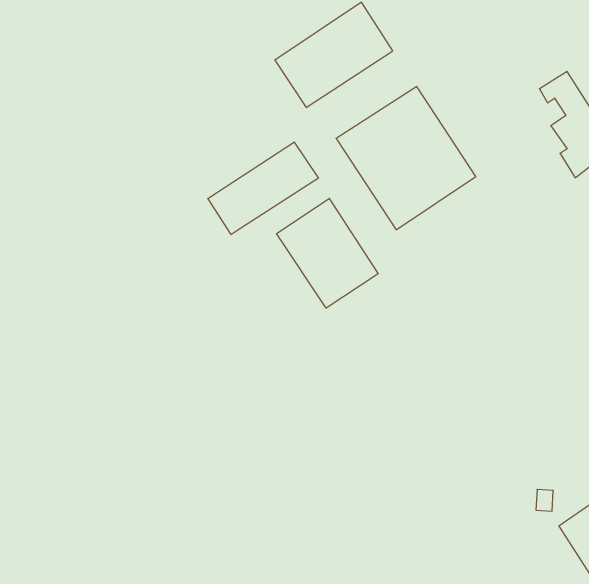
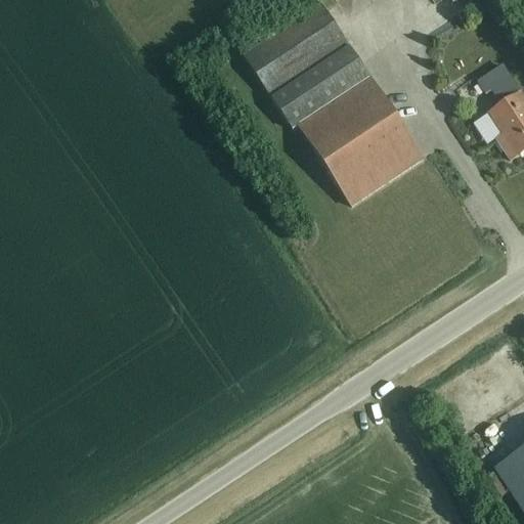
building: [208,142,319,234] -> [272,45,370,127]
building: [277,198,378,308] -> none

